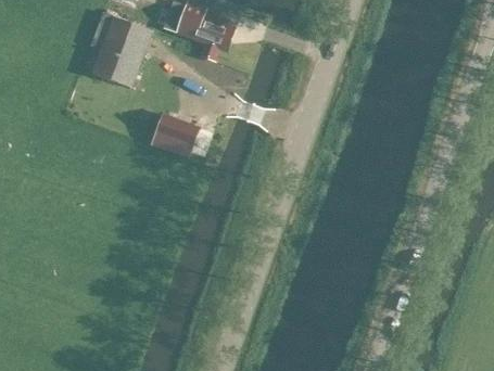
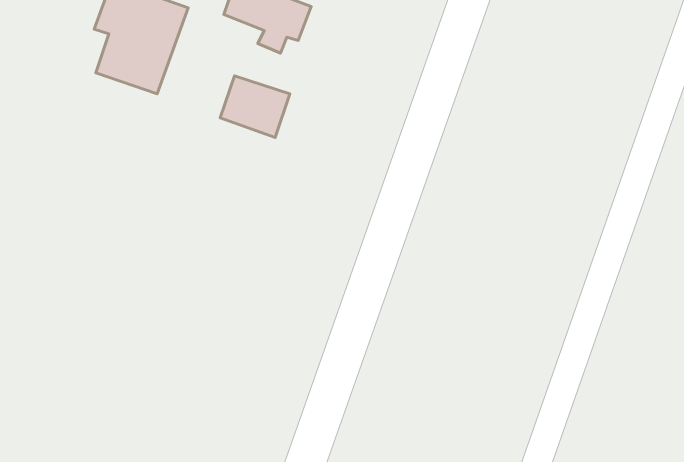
building: [152,115,199,156] -> [220,76,290,137]

